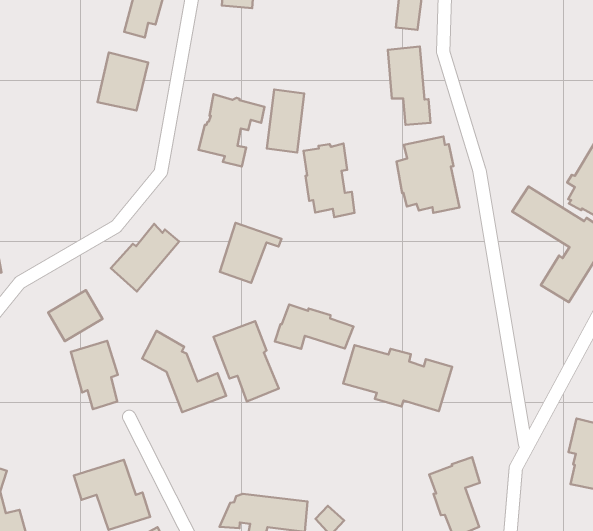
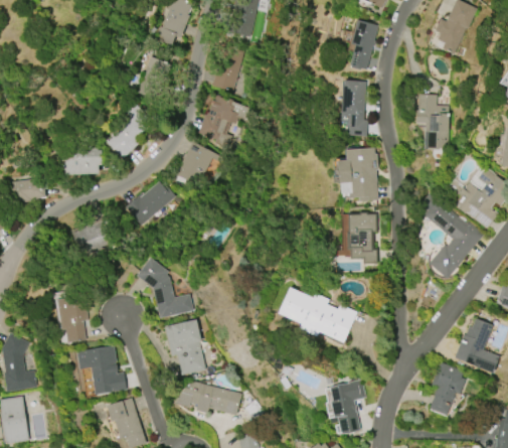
building: none -> [415,96,449,150]
building: [267,89,304,153] -> [212,44,244,92]
building: none -> [104,110,151,158]
building: [304,144,355,217] -> [347,212,378,265]
building: none -> [60,149,102,176]
building: [220,223,282,283] -> [176,142,223,186]
building: [275,305,354,349] -> none
building: [214,321,279,401] -> [164,319,205,376]
building: [71,341,118,409] -> [57,296,89,343]

